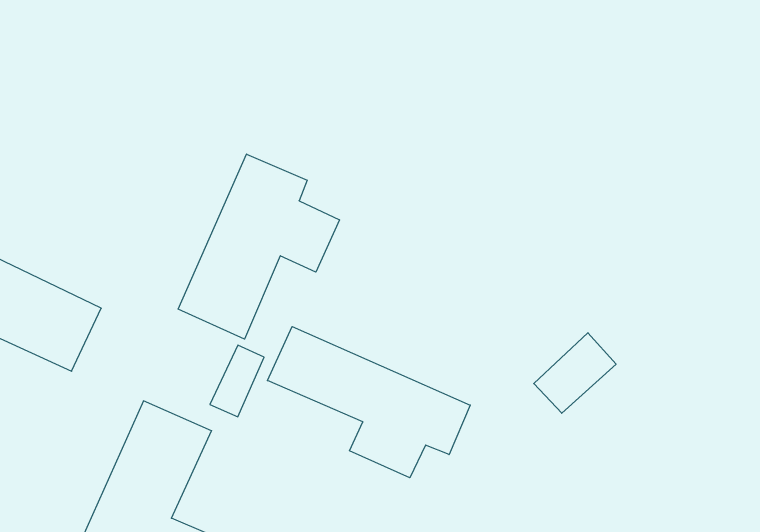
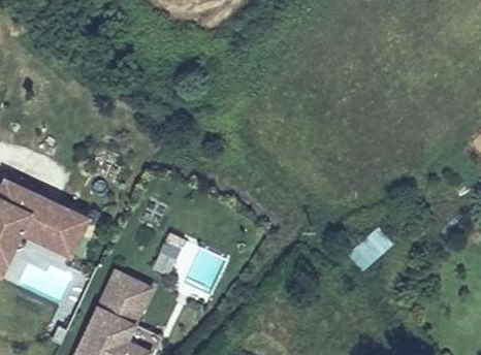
building: [178,154,339,339] -> none
building: [267,327,470,478] -> none

